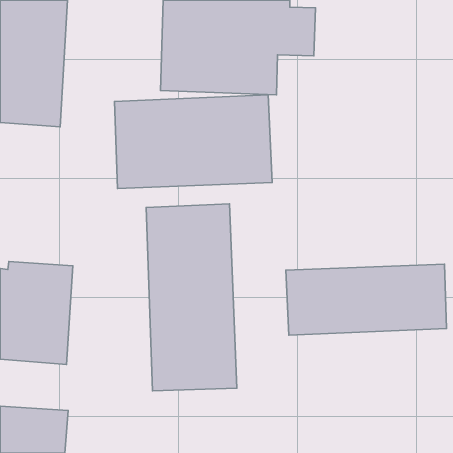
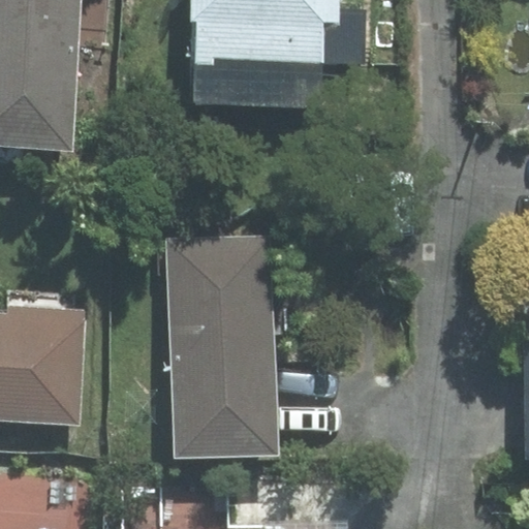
building: [114,95,272,189] -> none
building: [286,264,447,335] -> none

